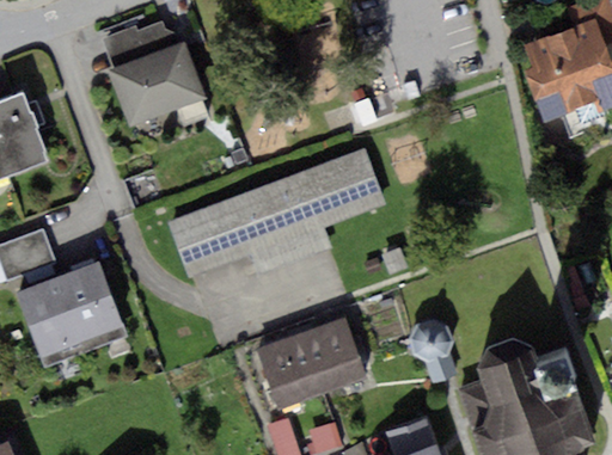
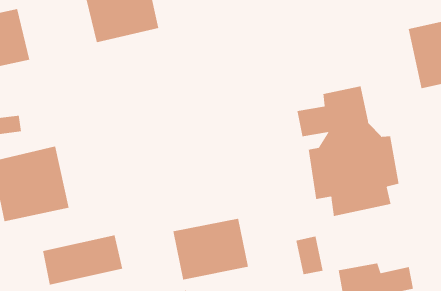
building: none -> [297,85,399,217]
building: [171,149,385,273] -> none
building: none -> [42,235,123,286]

